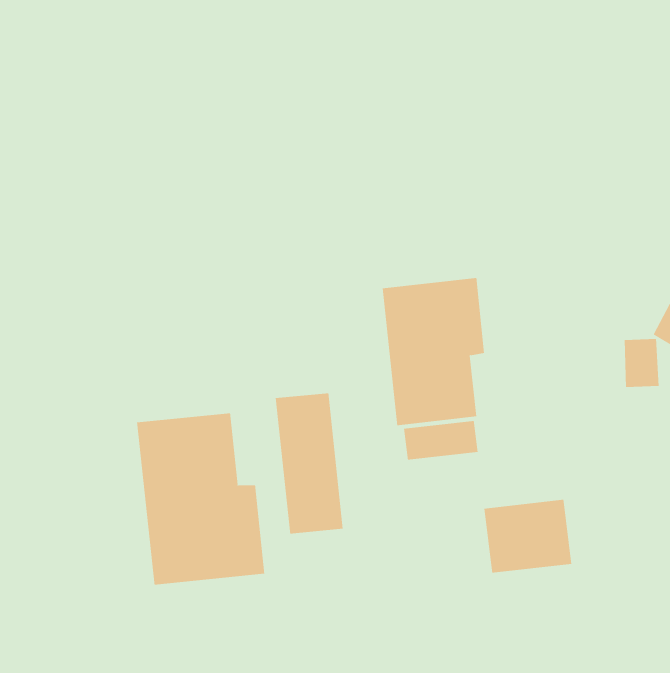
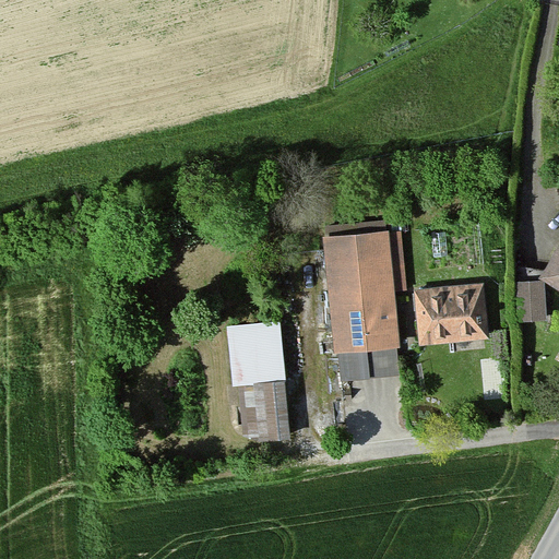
building: [137,413,265,585] -> none
building: [484,499,572,573] -> [414,283,487,344]

